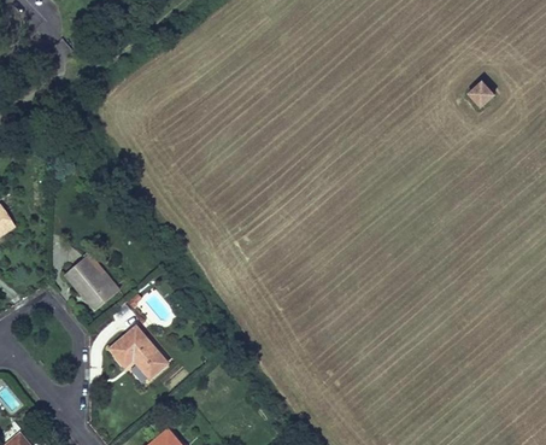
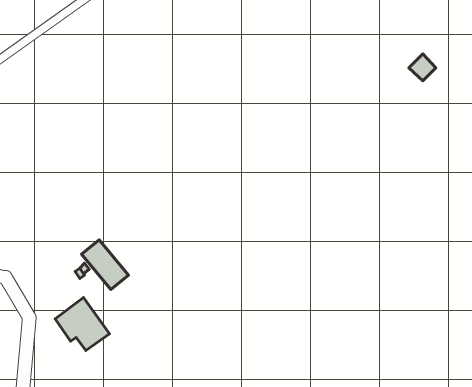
building: [67,256,116,306] -> [81,240,129,289]

